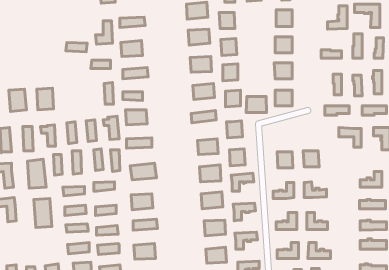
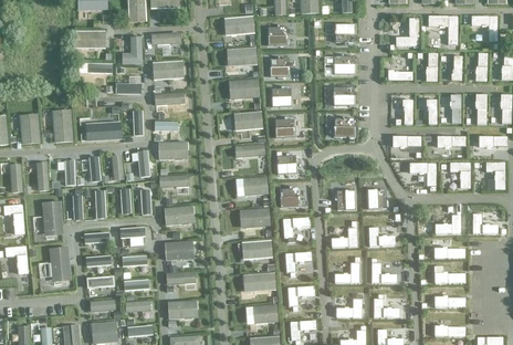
building: none -> [80,30,104,48]
building: none -> [90,121,121,140]
building: [246,97,266,113] -> none

